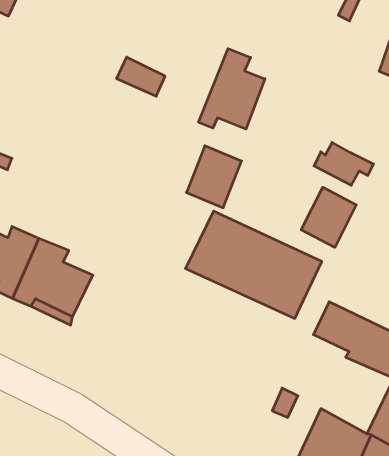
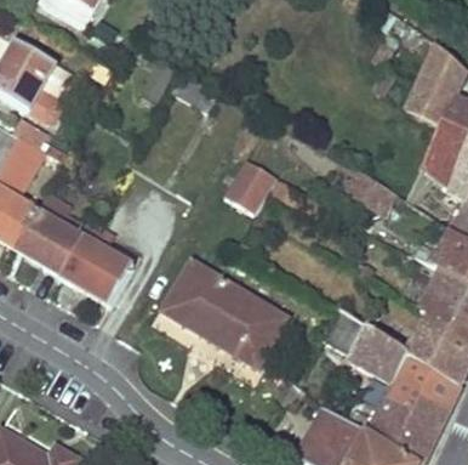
building: [199,49,265,129] -> none
building: [301,187,356,247] -> none
building: [185,211,322,318] -> [165,261,287,364]

